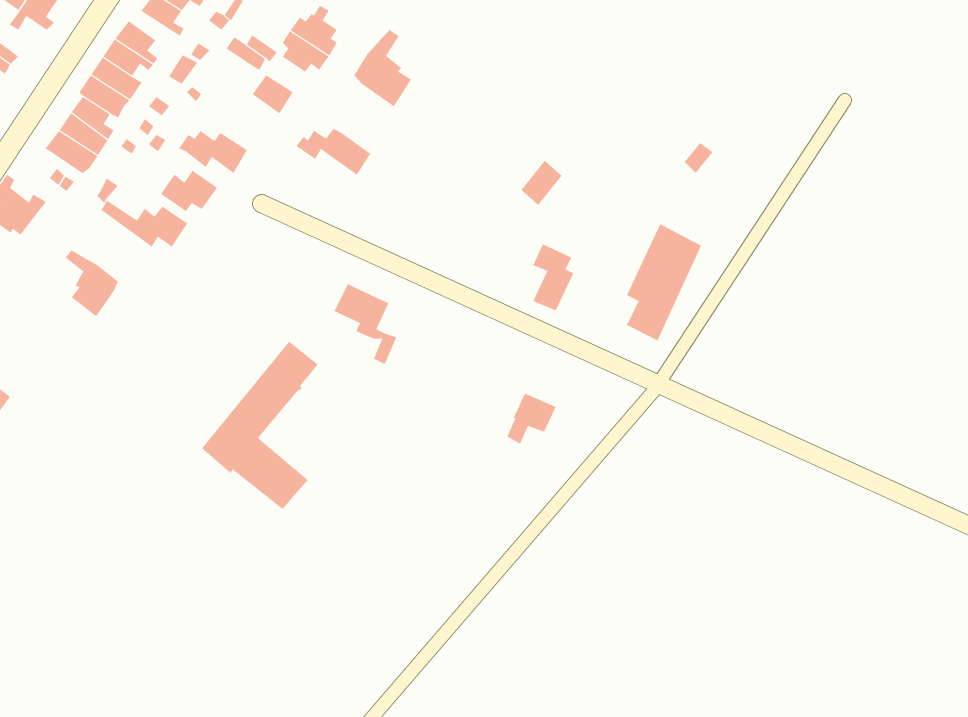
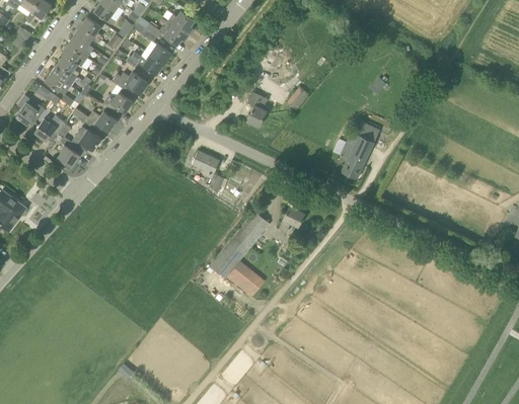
building: [353,29,412,107] -> none
building: [296,128,371,176] -> [126,51,164,75]
building: none -> [34,115,65,141]
building: none -> [72,129,101,152]
building: [532,243,574,311] -> [247,91,269,126]
building: [201,341,319,510] -> [210,211,270,297]

